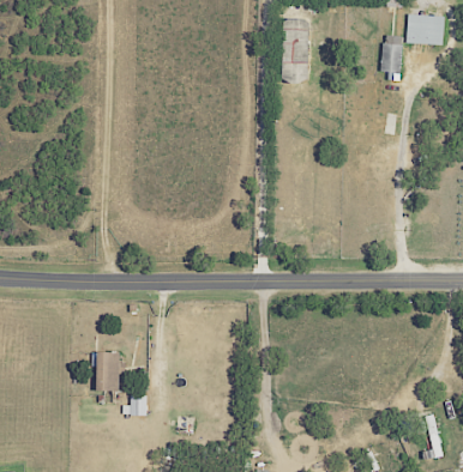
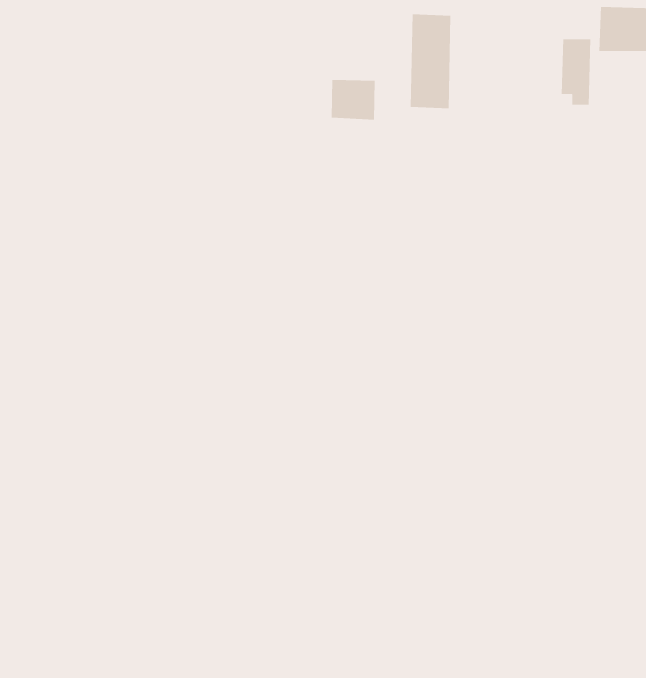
building: none -> [331,79,375,121]
building: [96,351,119,389] -> none

